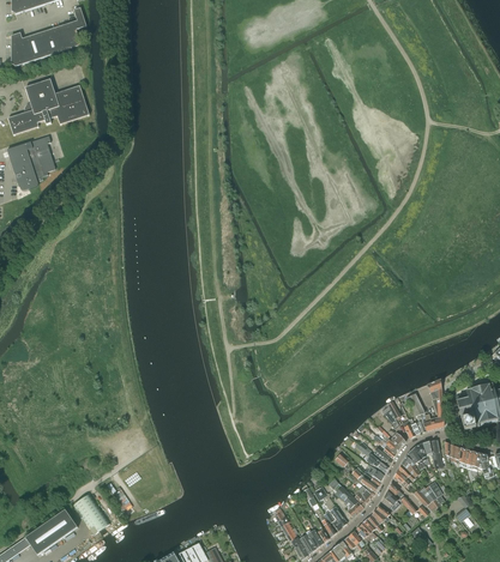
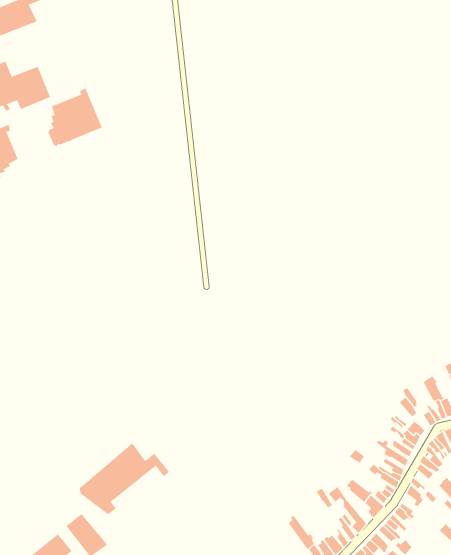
building: none -> [47,87,103,146]
building: none -> [80,443,170,515]

